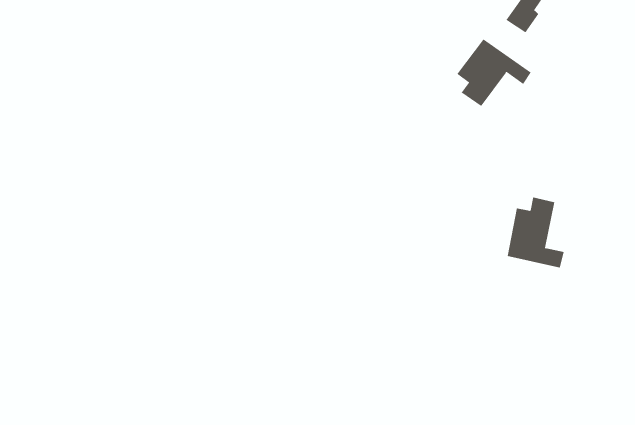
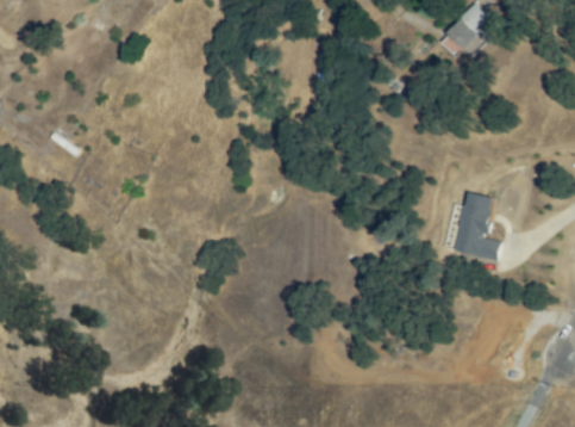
building: [456,38,531,107] -> none

